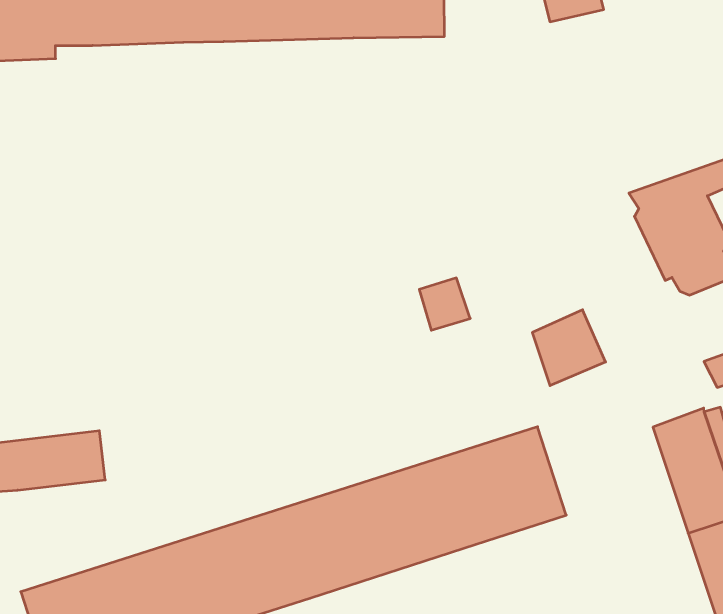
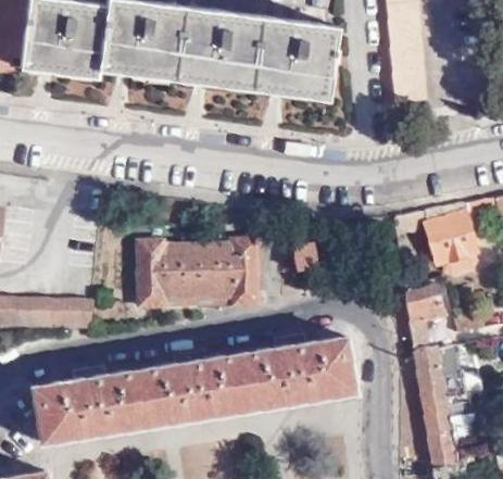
building: none -> [139,239,257,305]
building: [532,310,606,386] -> [406,283,447,325]

